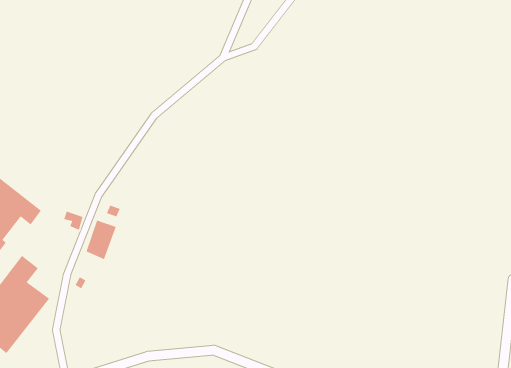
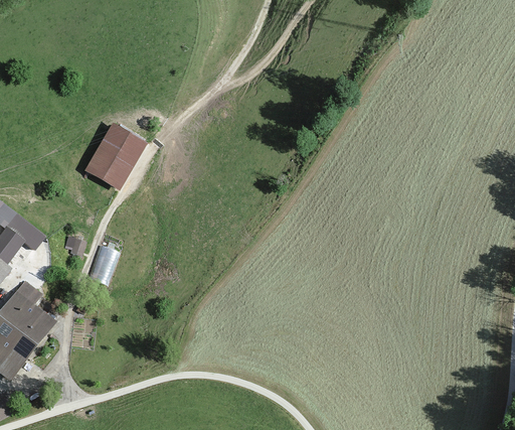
building: none -> [87,123,148,190]

